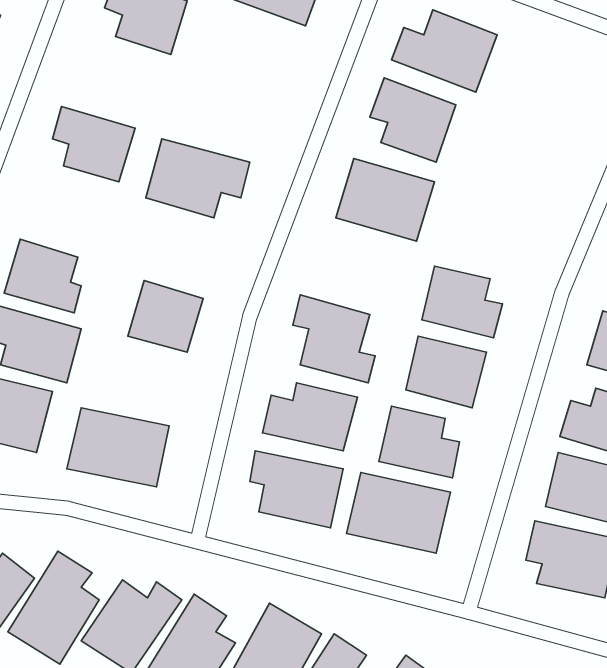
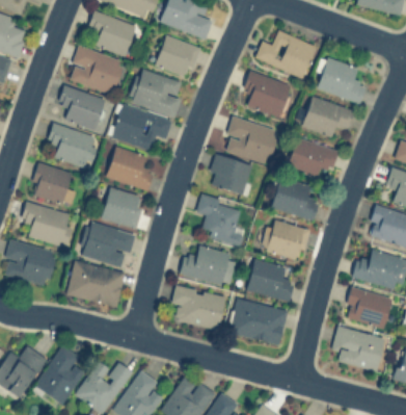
building: none -> [156,35,200,77]
building: none -> [67,47,125,95]
building: none -> [317,58,369,103]
building: none -> [128,68,185,118]
building: none -> [296,97,357,136]
building: none -> [48,125,100,168]
building: none -> [288,138,339,177]
building: none -> [107,147,153,190]
building: none -> [208,155,252,194]
building: none -> [79,222,134,268]

